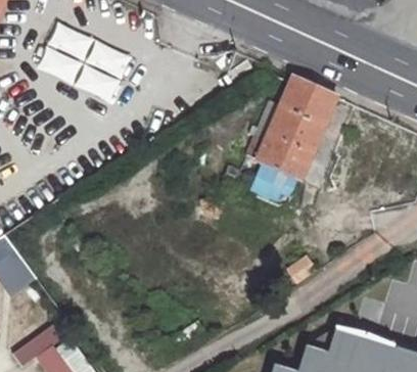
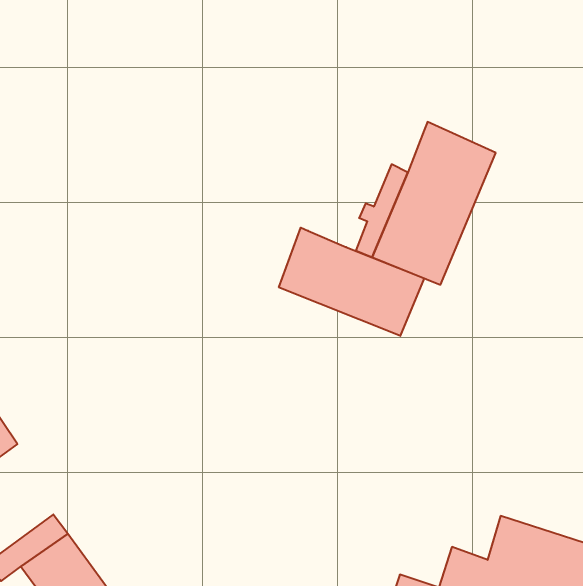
building: [40,25,133,99] -> none
building: none -> [279,228,424,336]

